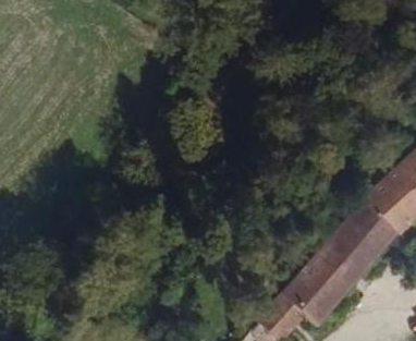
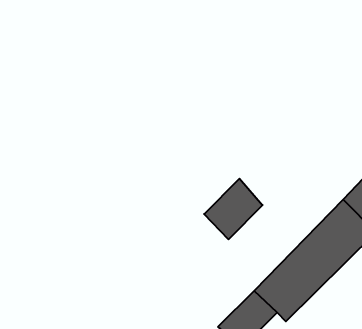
building: none -> [204,179,263,239]

